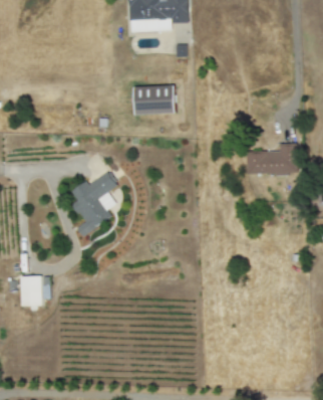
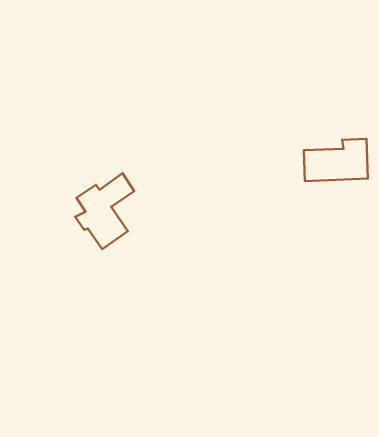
building: [135,85,176,115] -> none
building: [21,274,43,308] -> none

